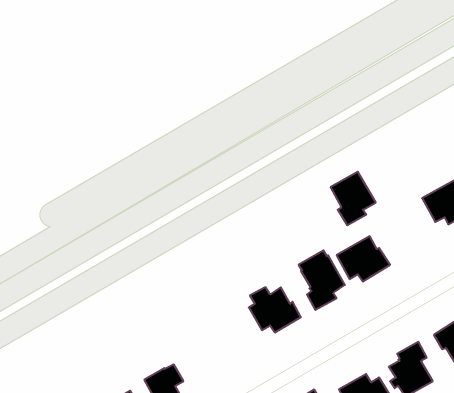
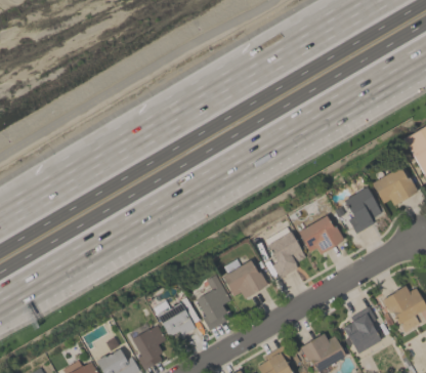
building: [331,172,376,225] -> [344,186,383,233]
building: none -> [197,275,231,330]
building: none -> [155,301,197,337]

